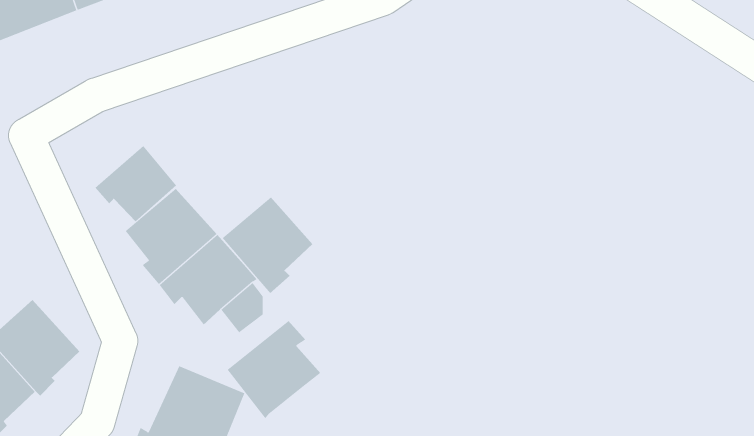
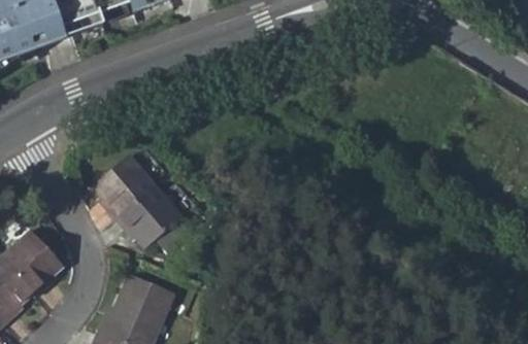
building: [95,145,177,222] -> none
building: [222,197,313,294] -> none
building: [227,320,321,419] -> none

